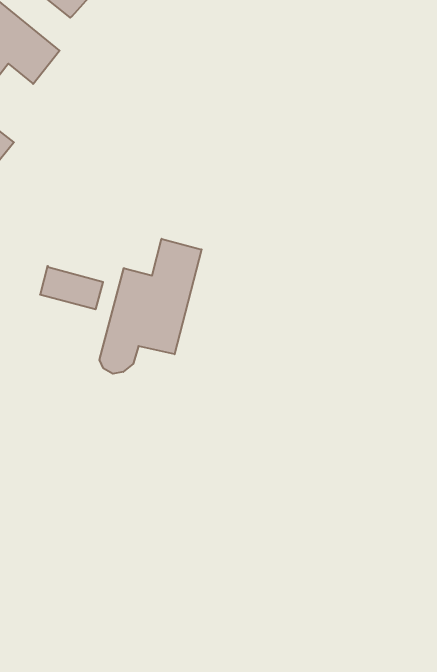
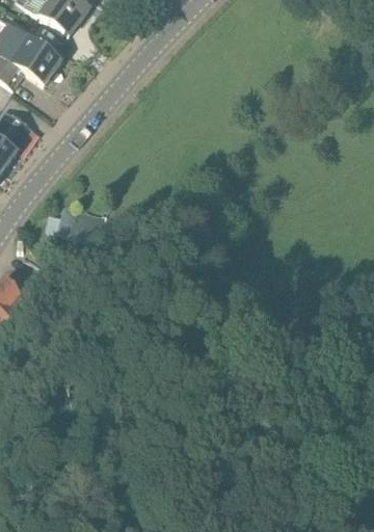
building: [100,239,202,374] -> none

